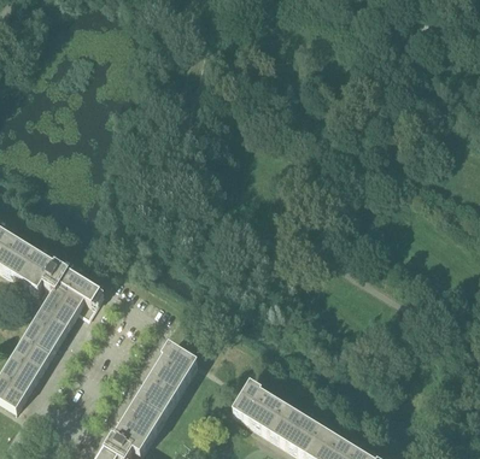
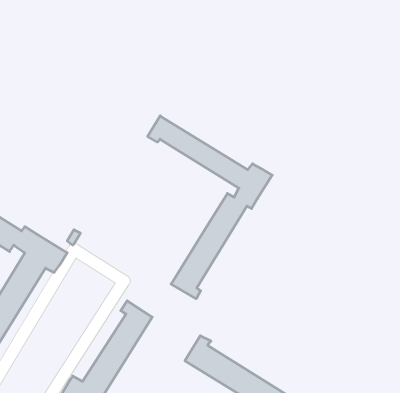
building: none -> [148,116,272,299]

